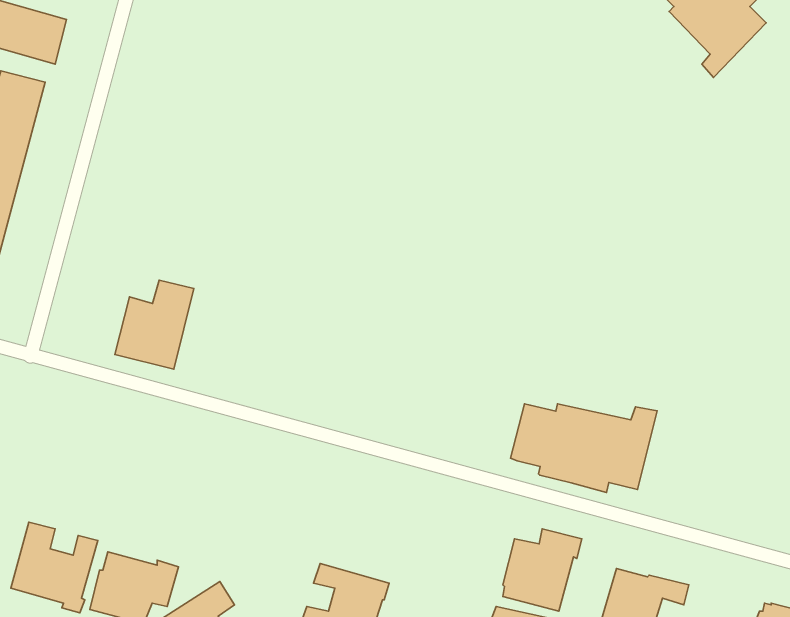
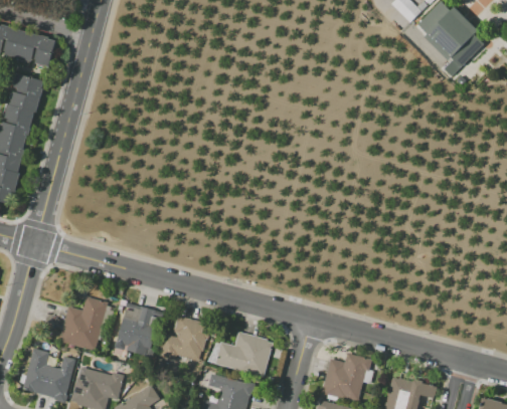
building: [115,280,194,369] -> [58,296,107,351]
building: [510,404,657,492] -> none
building: none -> [117,302,163,357]
building: none -> [158,317,211,361]
building: none -> [214,332,273,378]

